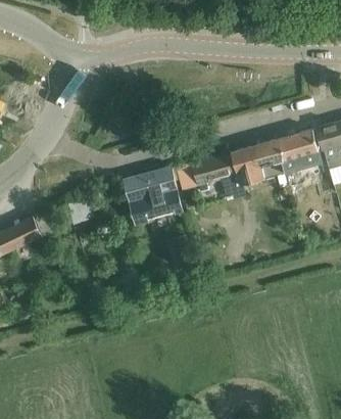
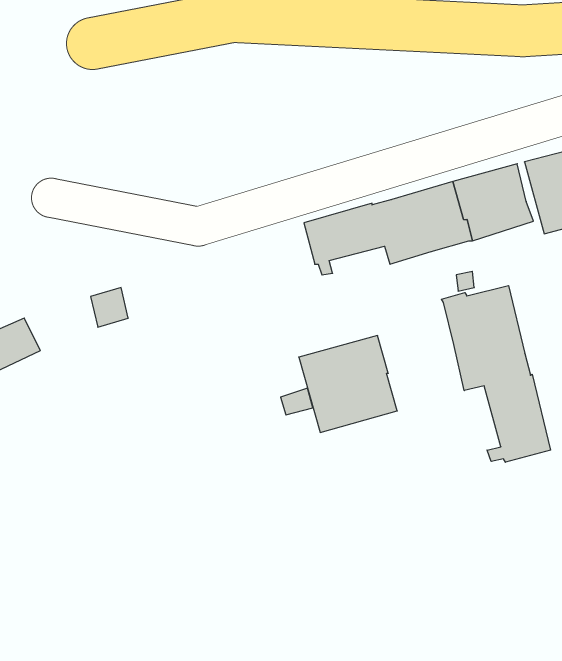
building: [125,168,181,223] -> [299,336,397,432]
building: none -> [441,286,551,462]

